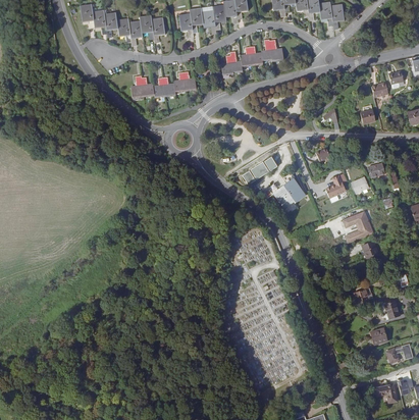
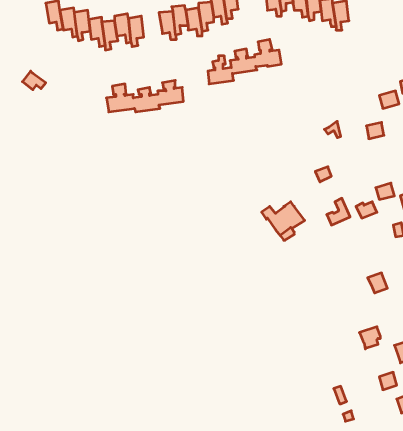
building: [336,213,366,243] -> none

